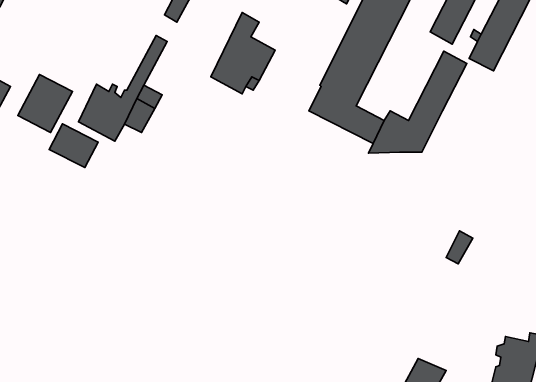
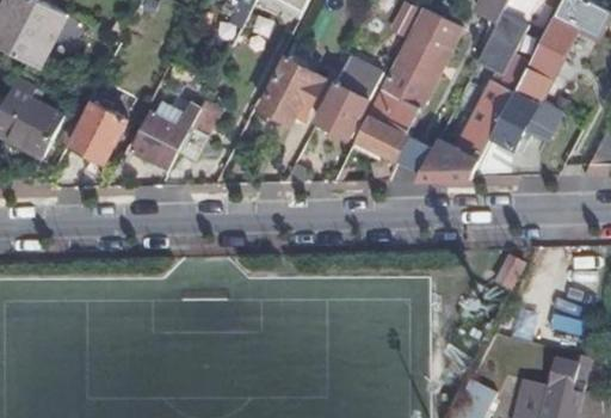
building: none -> [315,60,378,137]
building: none -> [488,88,558,150]
building: [49,124,98,168] -> none

